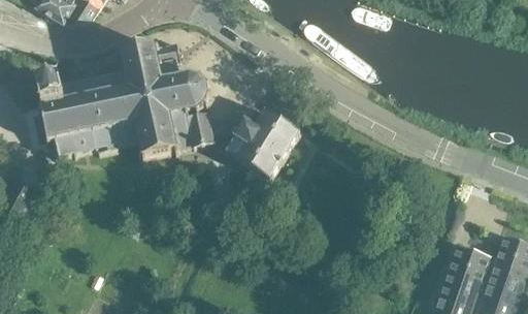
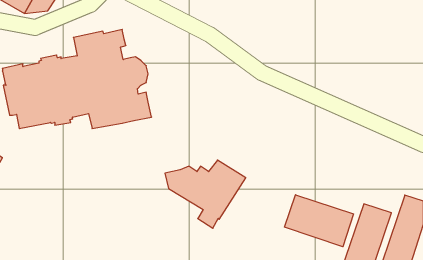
building: [207,113,301,192] -> [165,160,246,228]
building: none -> [284,195,354,247]

